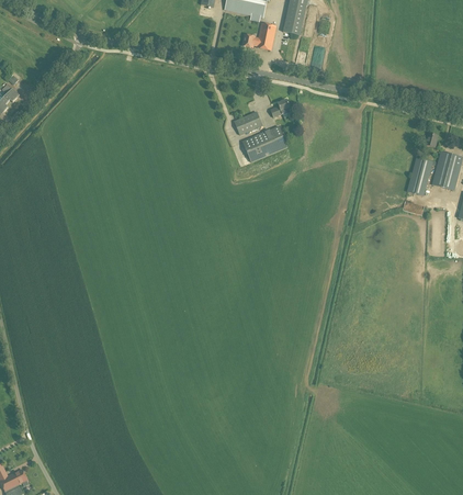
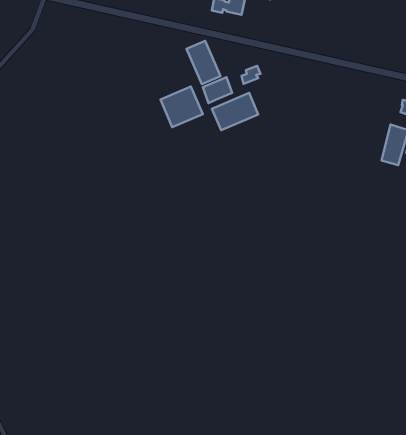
building: none -> [187,41,220,84]
building: none -> [160,87,203,127]

